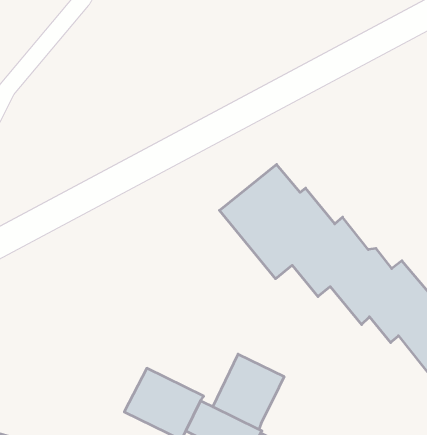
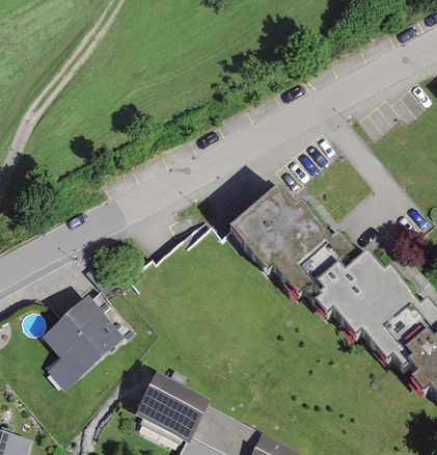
building: none -> [44,296,127,389]
building: [213,354,284,429] -> none

